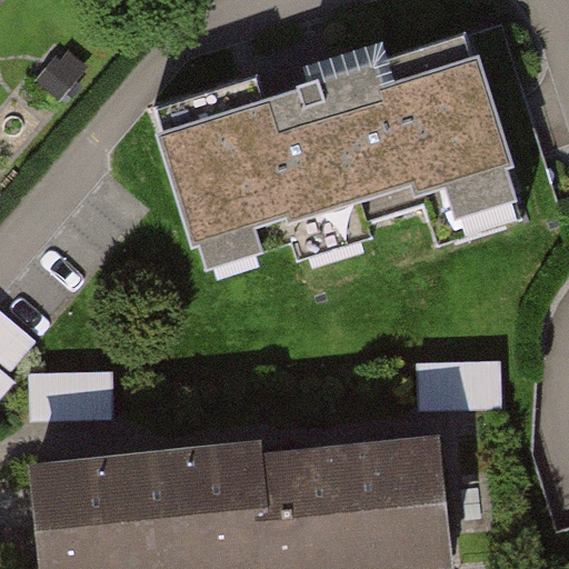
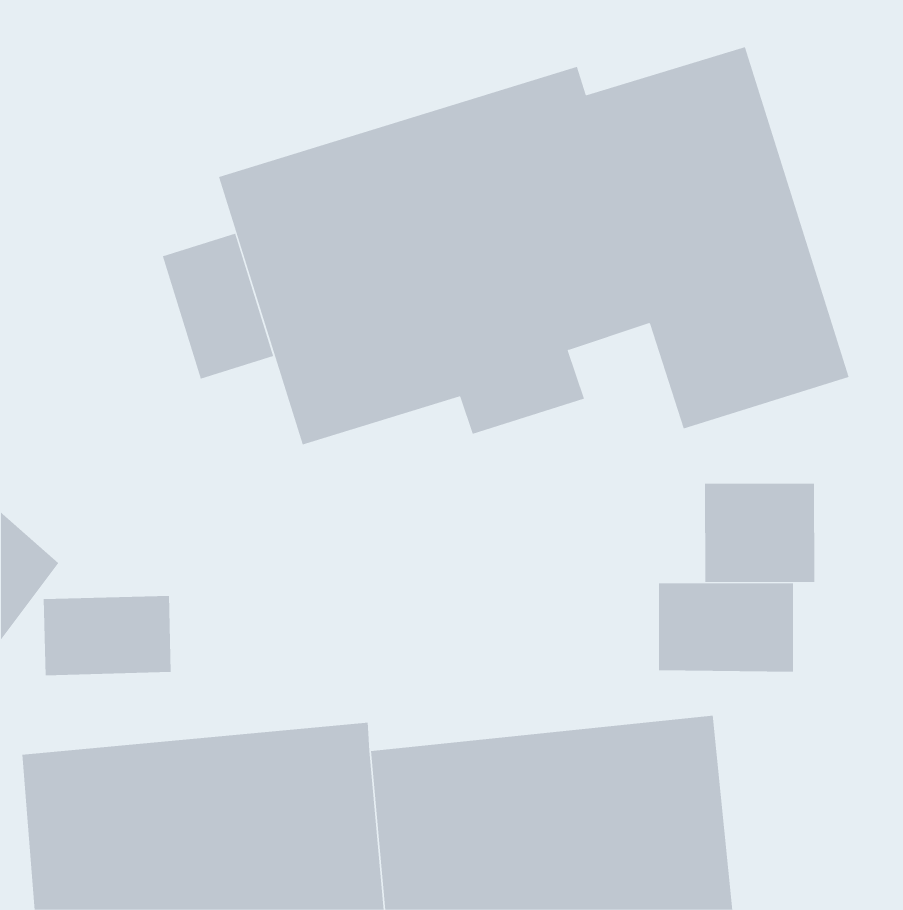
building: none -> [162,233,274,379]
building: none -> [704,483,815,583]

